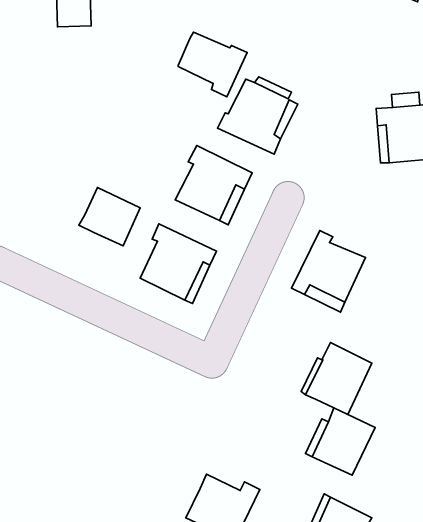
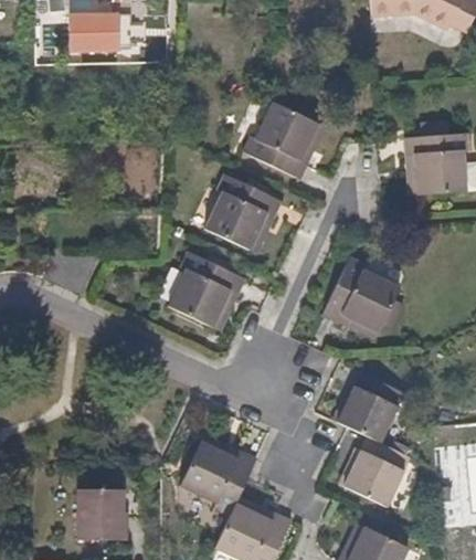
building: [178,32,247,97] -> none
building: [79,188,140,246] -> none
building: none -> [179,444,256,519]
building: none -> [80,490,124,541]

